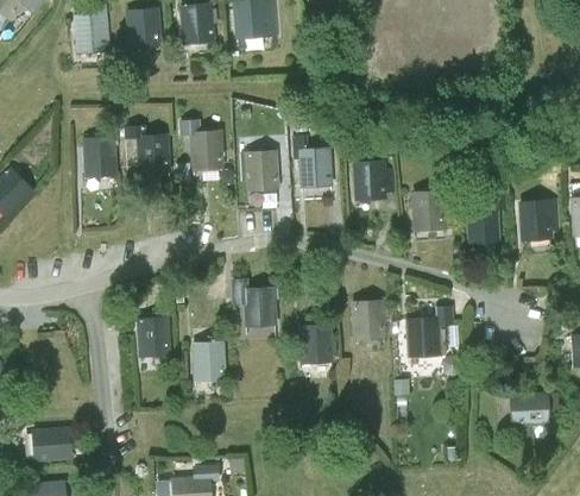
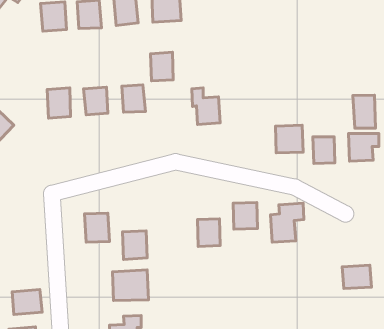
building: none -> [353,95,376,128]
building: [244,149,277,190] -> [151,52,173,81]
building: [354,159,396,201] -> none
building: [231,280,277,328] -> none
building: none -> [112,270,149,301]

